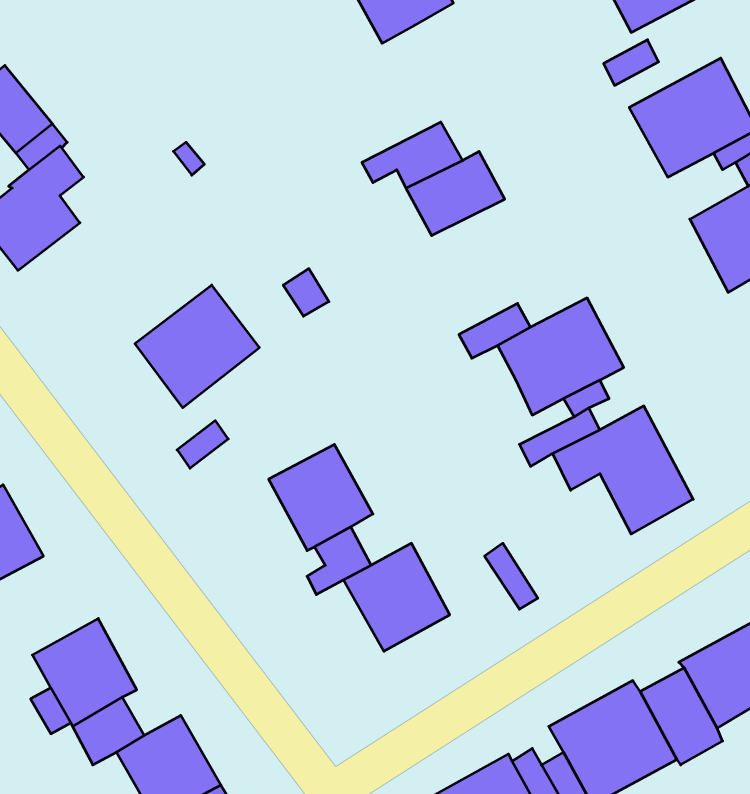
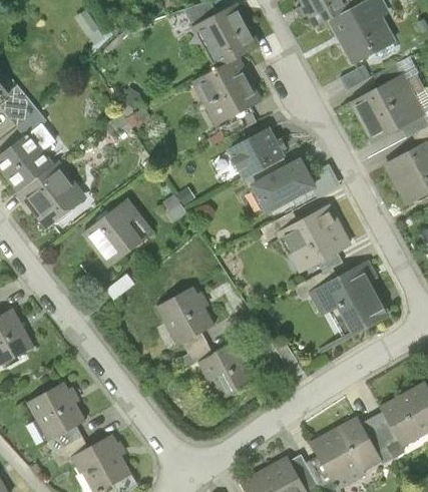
building: none -> [193,58,260,124]
building: none -> [256,158,316,209]
building: none -> [19,163,78,226]

